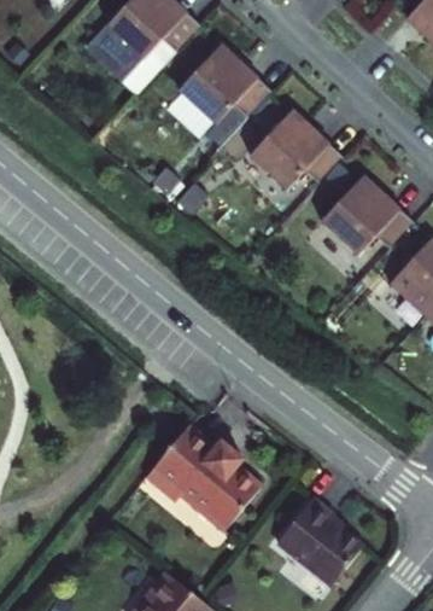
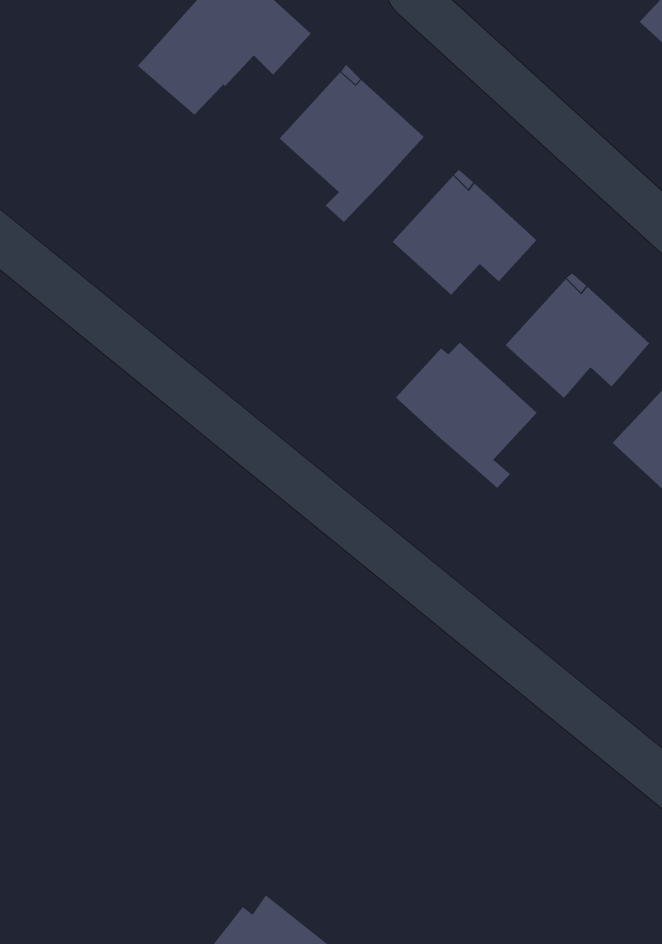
building: none -> [395,342,538,489]
building: [148,421,261,523] -> none
building: [274,493,358,581] -> none

